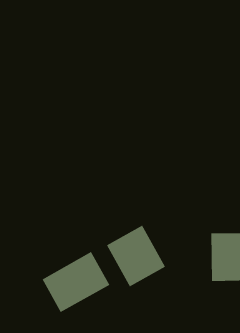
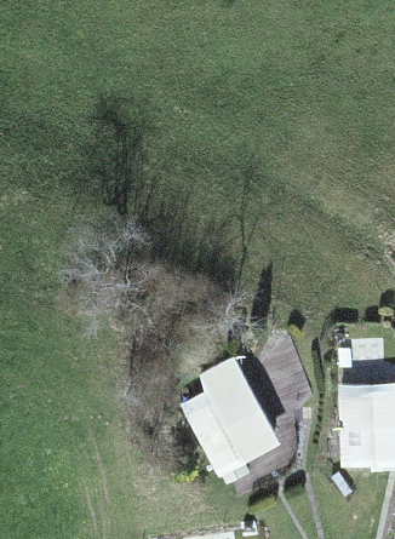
building: [42,251,110,313] -> none

